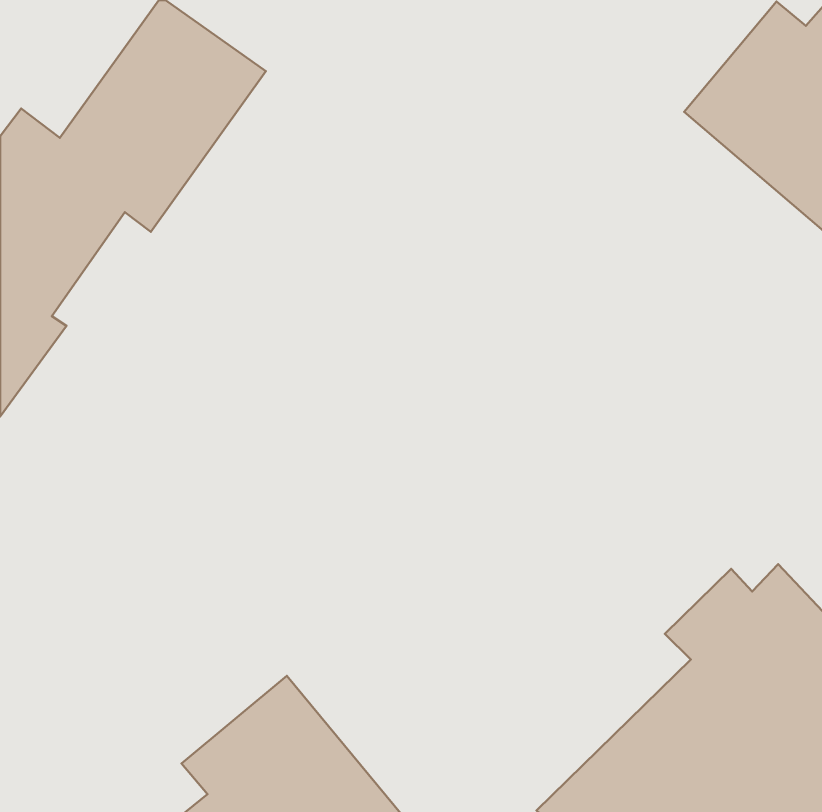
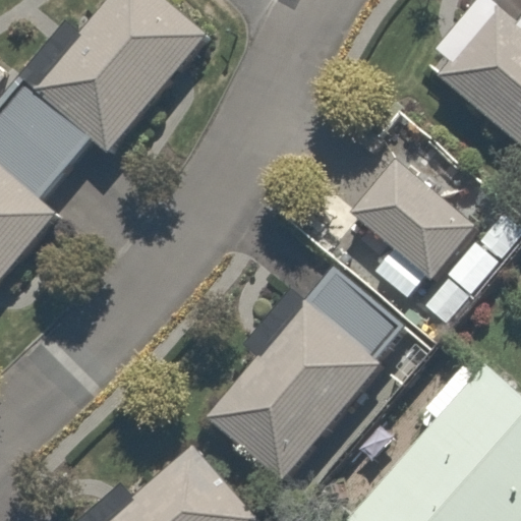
building: none -> [344,153,488,294]
building: none -> [206,266,410,483]

